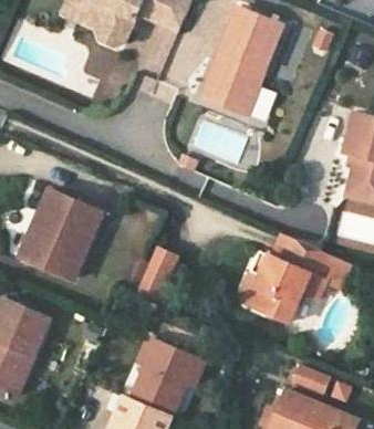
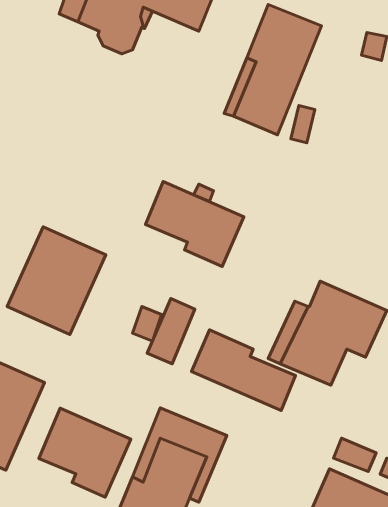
building: none -> [145,181,244,266]
building: none -> [191,330,295,411]
building: none -> [39,408,131,497]

